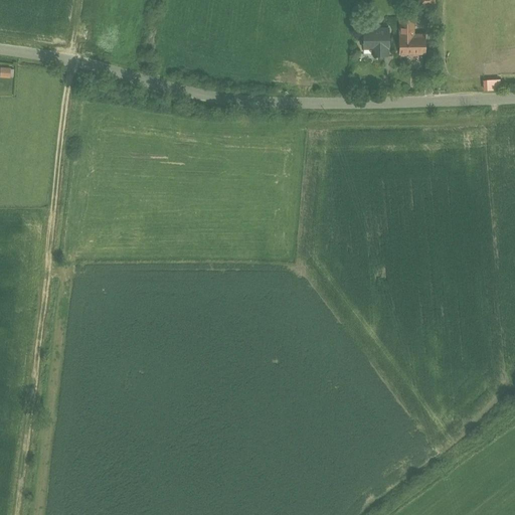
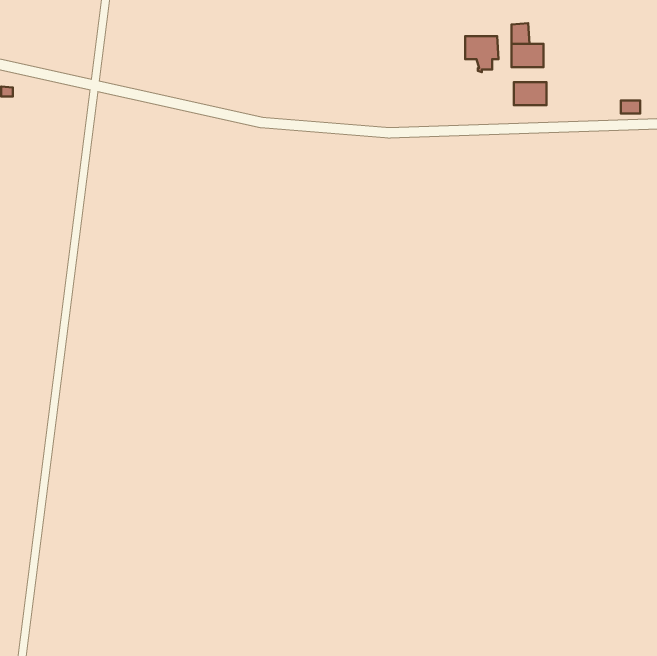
building: none -> [514,82,547,105]

